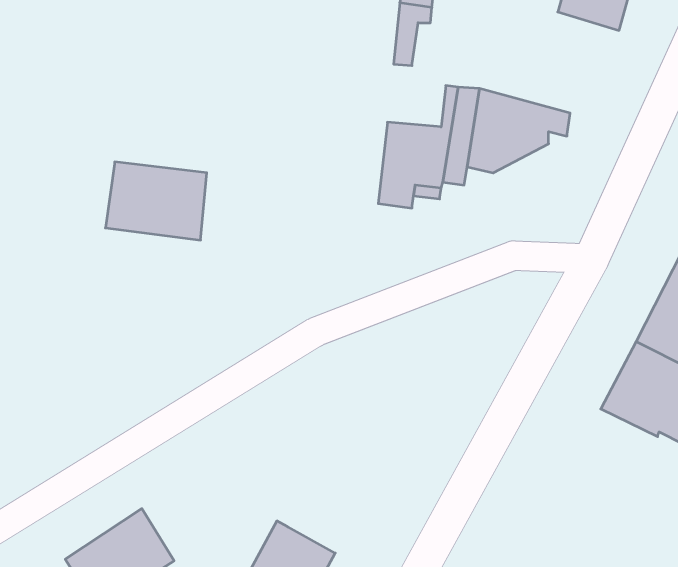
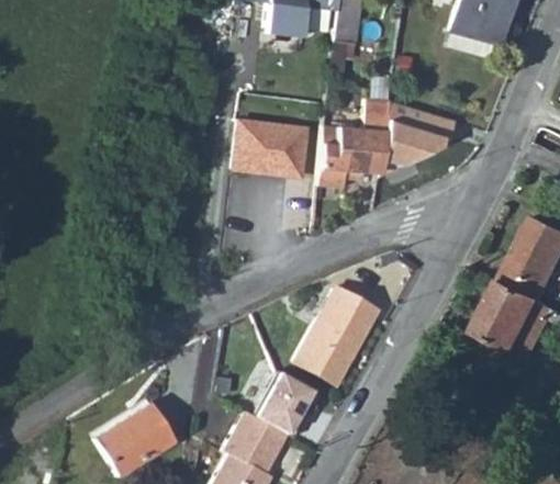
building: [105,162,207,240] -> [234,121,306,177]
building: none -> [298,288,380,383]
building: none -> [255,371,313,437]

